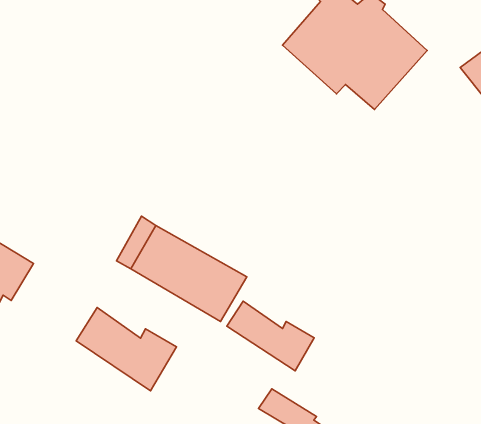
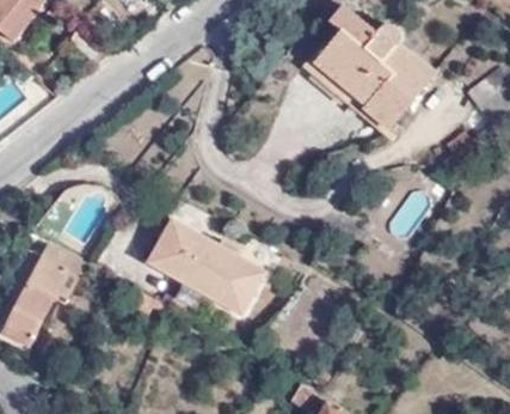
building: [227,301,314,371] -> none
building: [76,307,176,391] -> none

